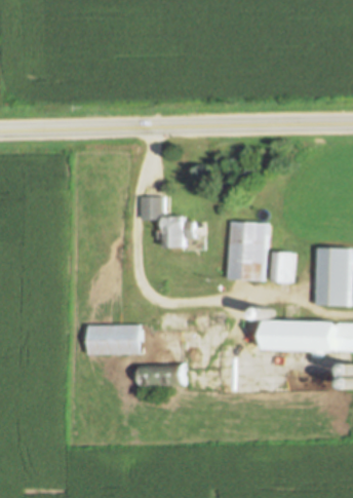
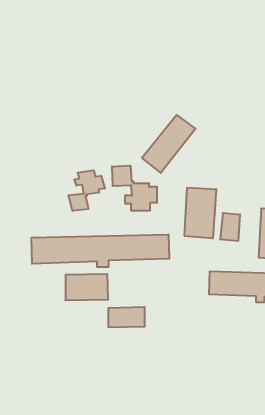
building: none -> [142,115,196,173]
building: none -> [69,170,105,211]
building: none -> [31,234,169,267]

